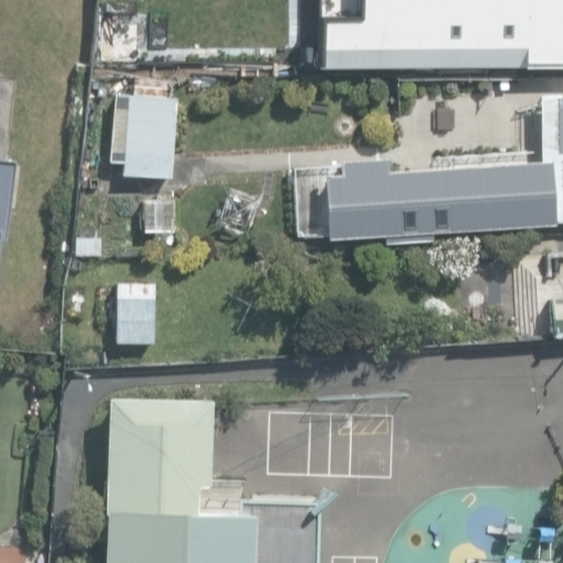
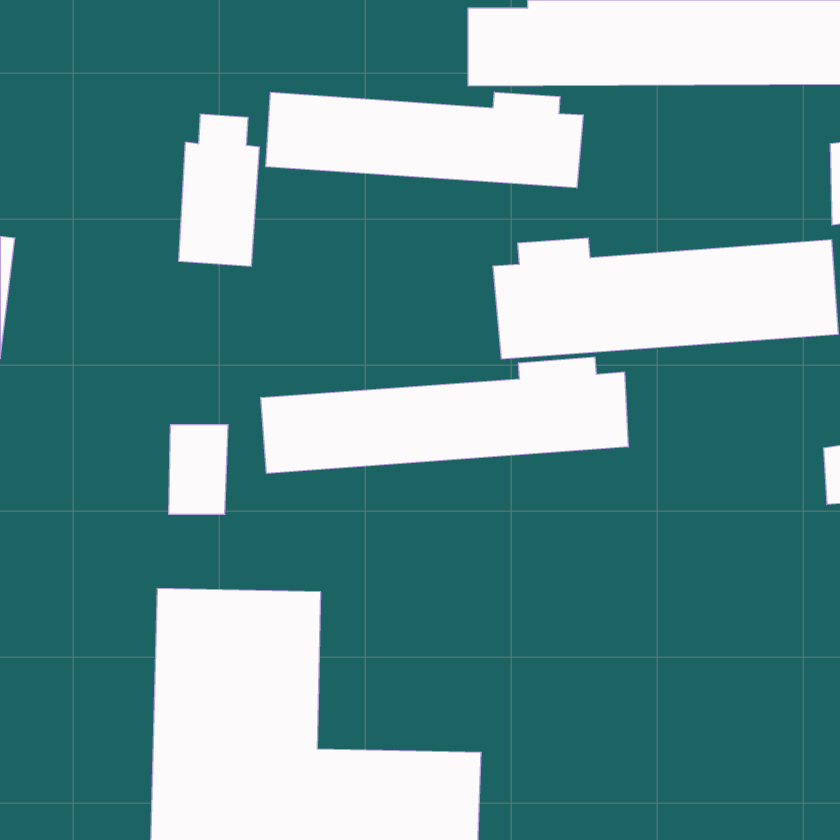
building: none -> [266,92,583,188]
building: none -> [261,357,628,473]

